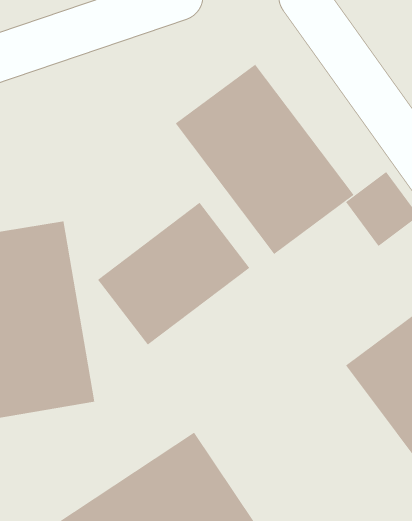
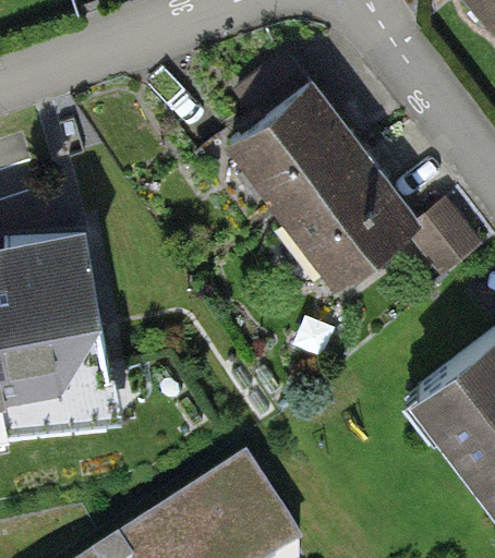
building: [97,202,250,346] -> none

